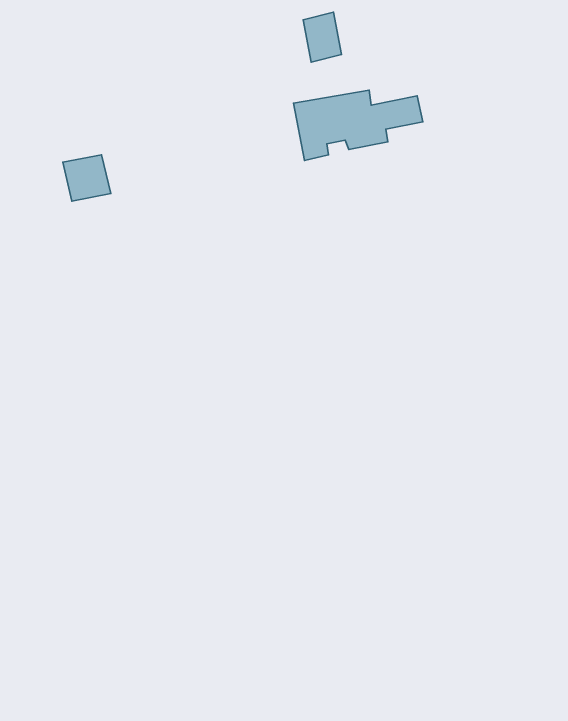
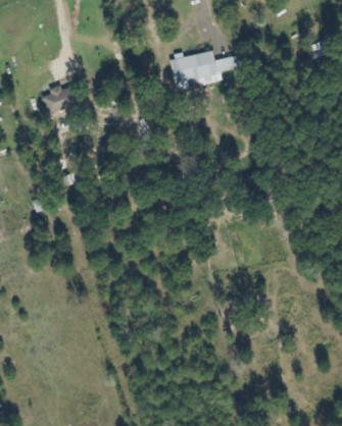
building: [303,12,342,62] -> none

